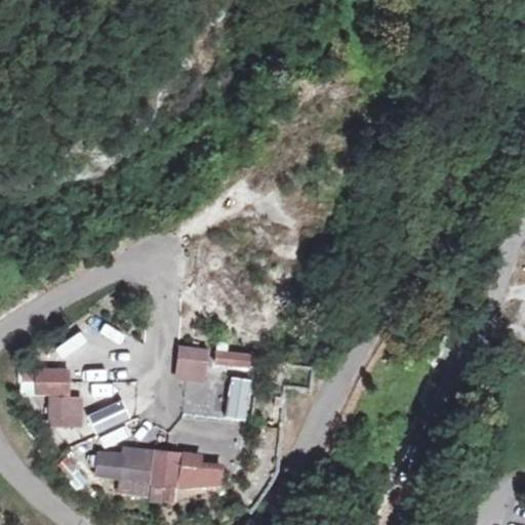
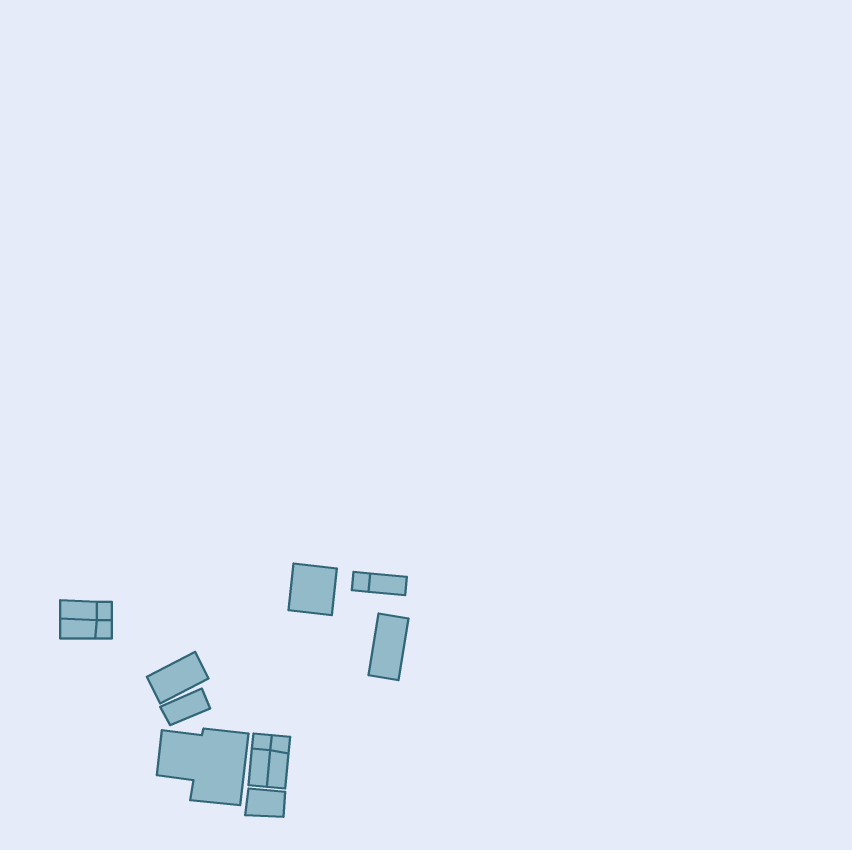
building: [48,398,82,426] -> none
building: [179,452,223,487] -> none

